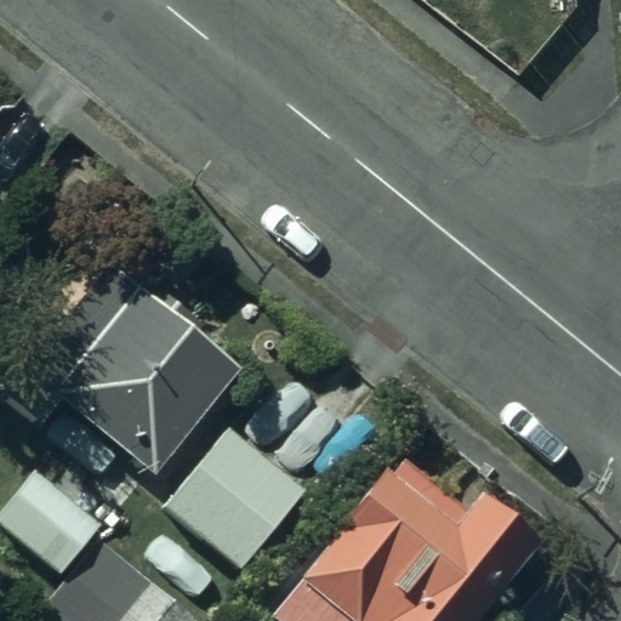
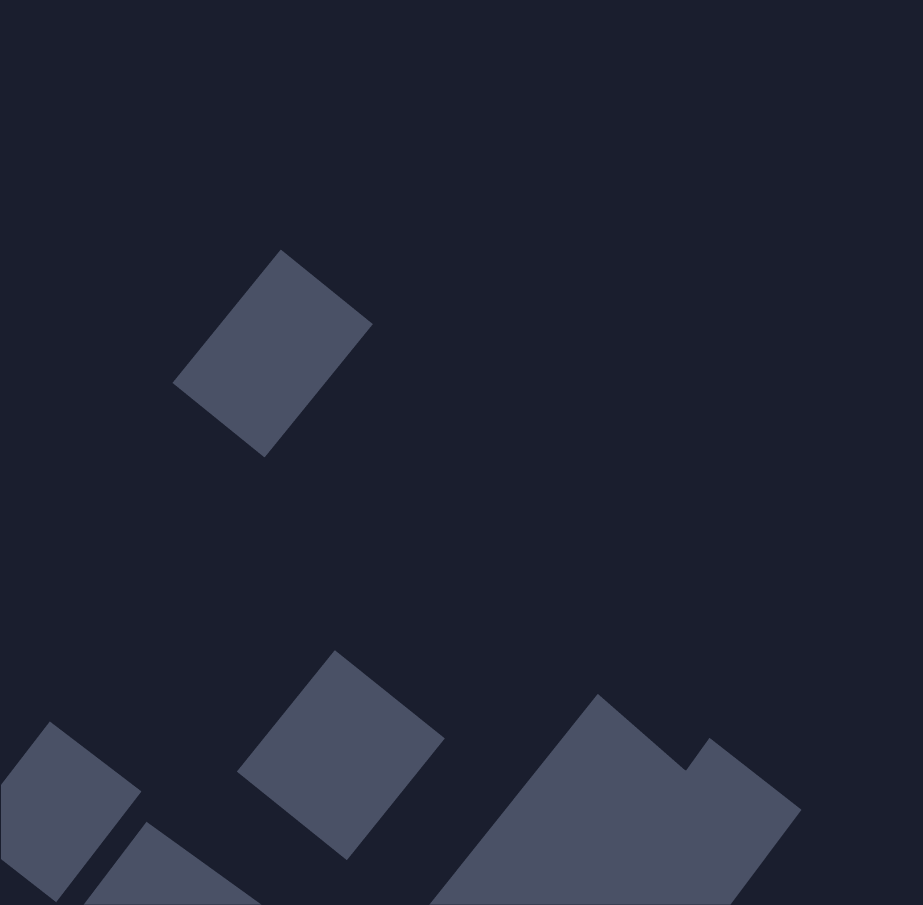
building: none -> [172,249,374,459]
building: [12,279,240,475] -> none

